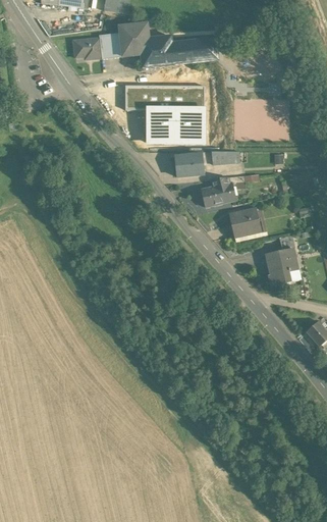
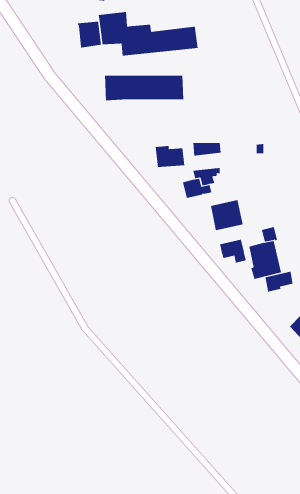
building: [72,37,101,57] -> none
building: [143,109,203,145] -> none
building: none -> [219,239,246,263]
building: none -> [265,271,293,292]

